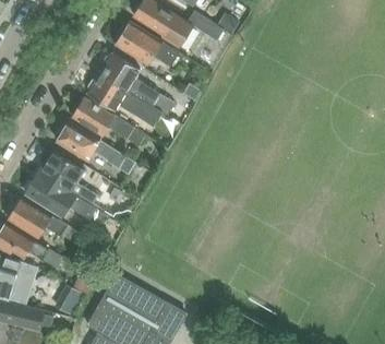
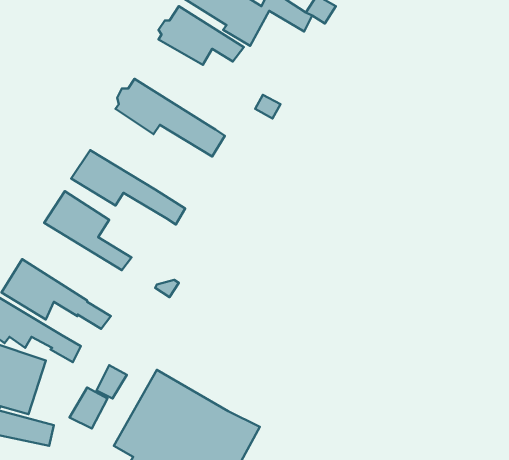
building: [99,52,175,116] -> none
building: [72,97,144,146] -> none
building: [24,173,105,225] -> none

